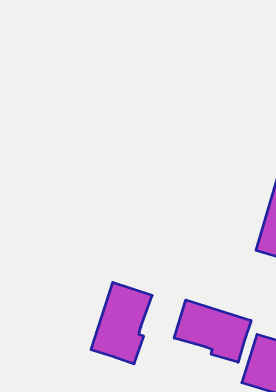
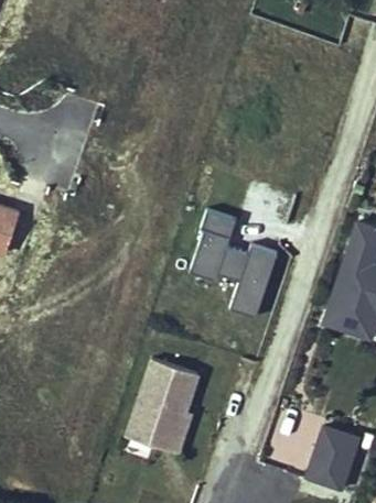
building: none -> [191,209,277,318]
building: [174,300,251,362] -> none

